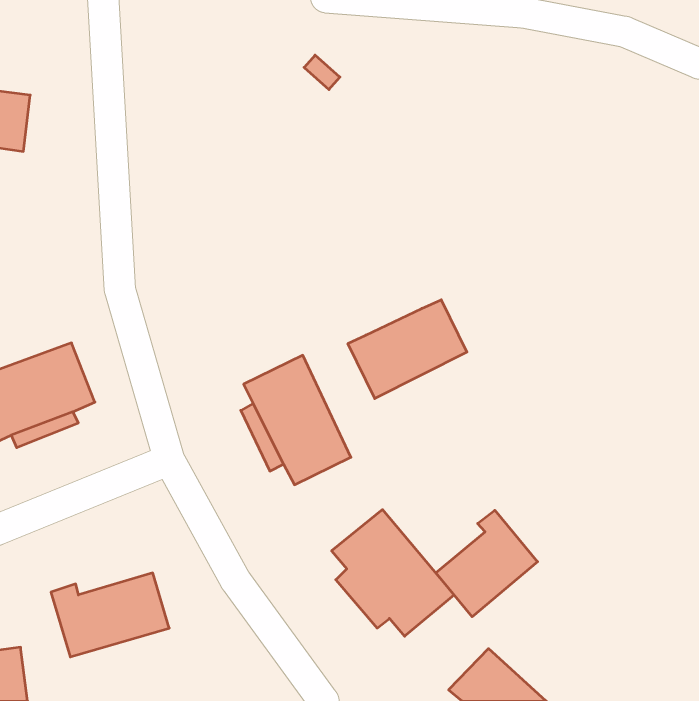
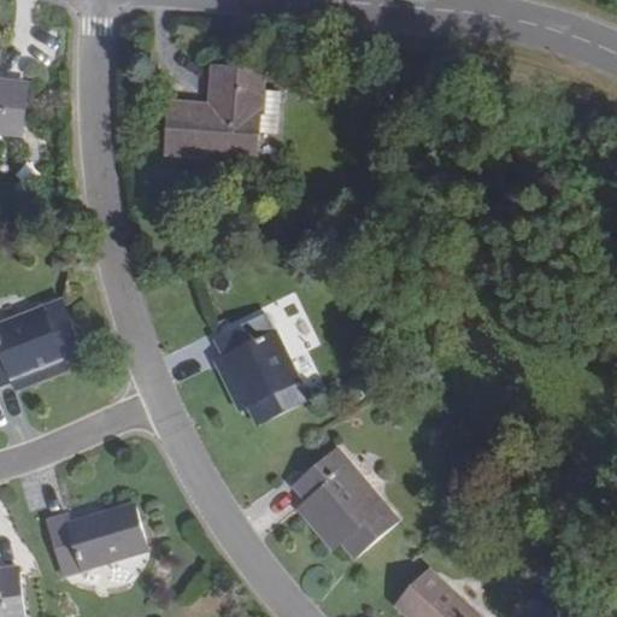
building: none -> [166,65,262,158]
building: [348,300,467,399] -> none
building: [436,510,538,617] -> none

